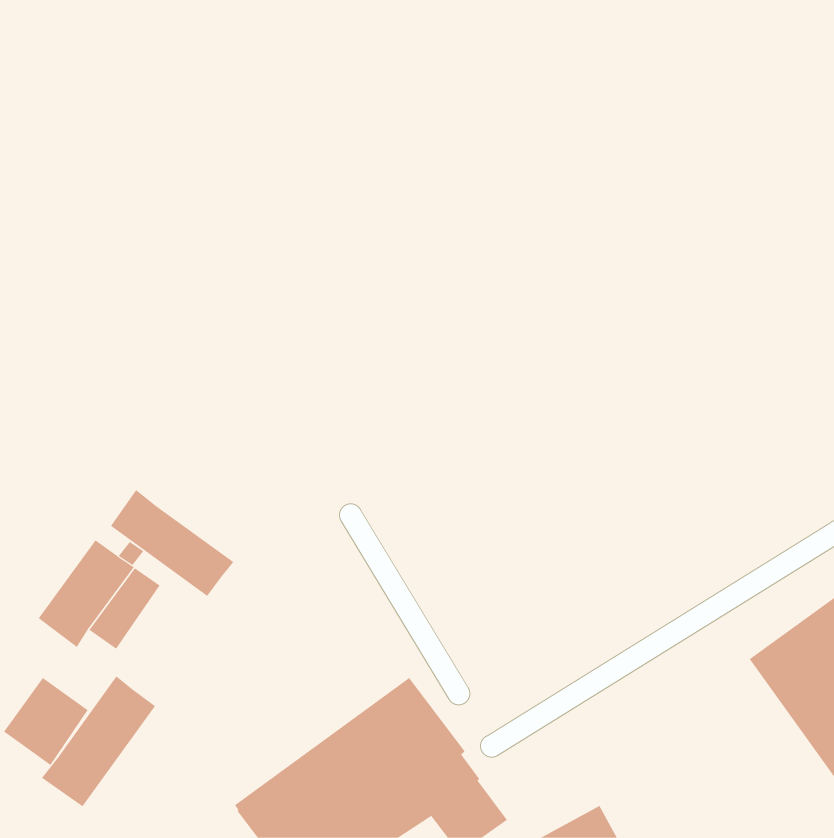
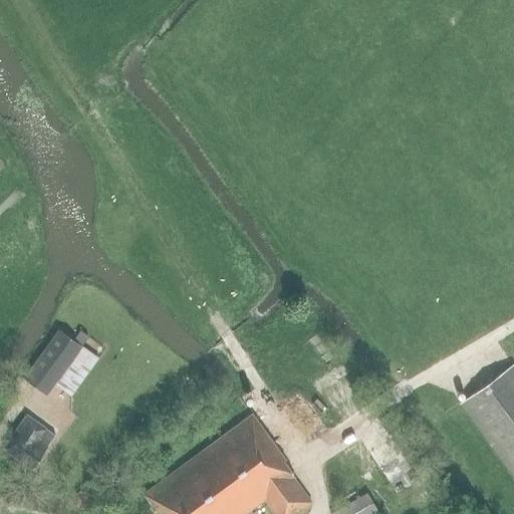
building: [110,489,234,597] -> none
building: [41,676,156,807] -> none

